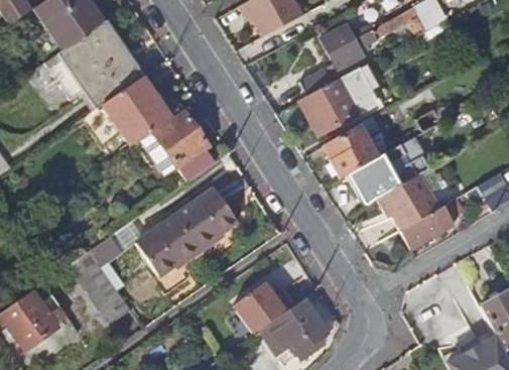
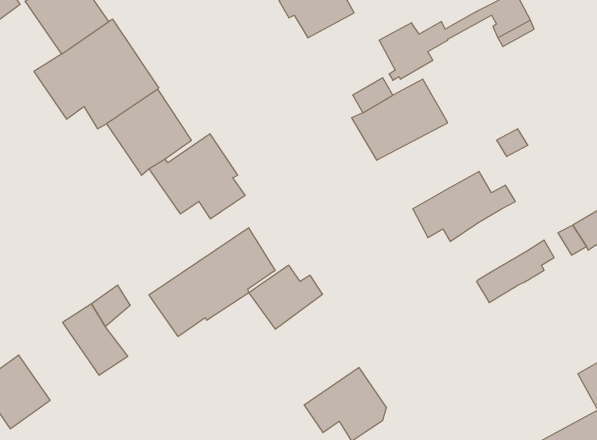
building: [325,118,378,176] -> none
building: [379,173,440,231] -> none
building: [234,281,293,333] -> [249,265,323,329]

